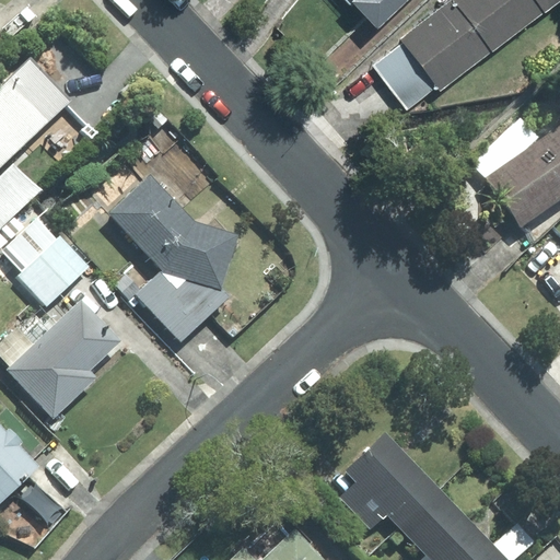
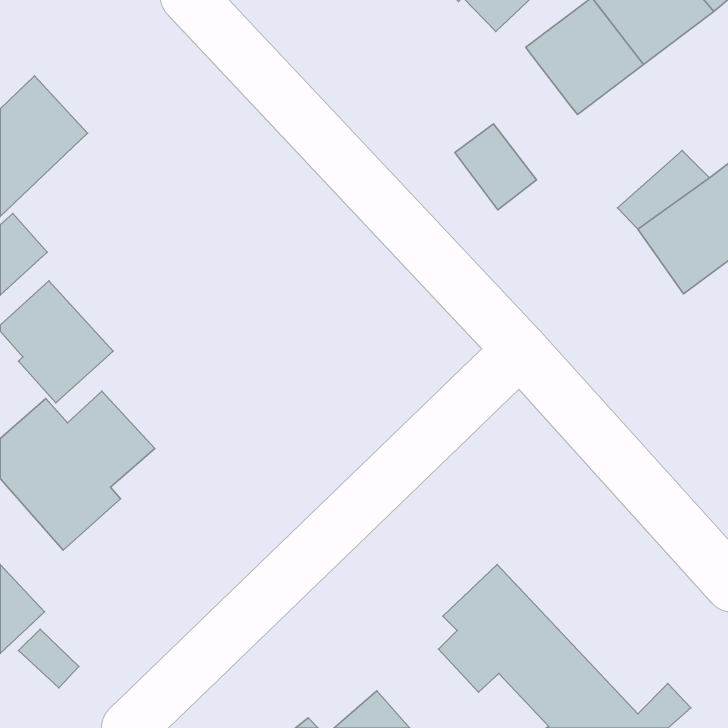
building: [377,39,440,105] -> [455,124,536,210]
building: [107,176,240,345] -> none

